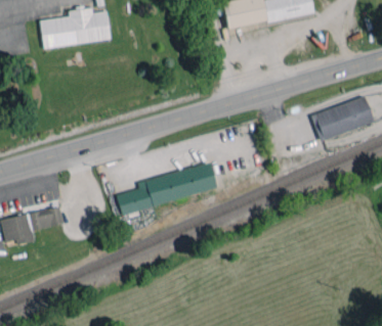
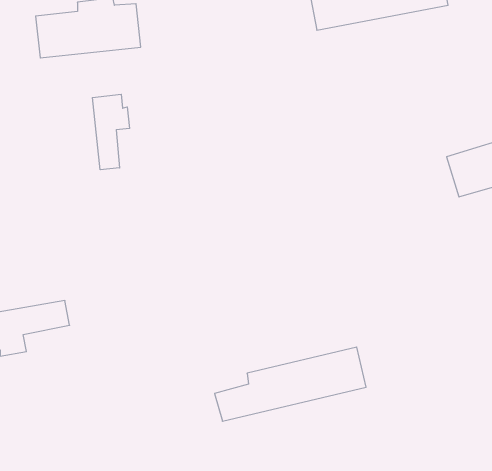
building: none -> [92,94,130,170]
building: [116,165,216,214] -> [215,347,366,421]

